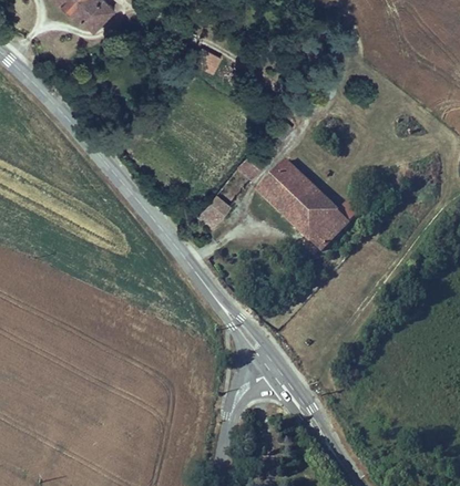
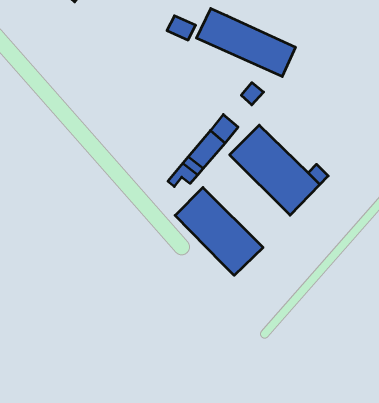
building: none -> [196,8,295,77]
building: none -> [175,187,263,275]

